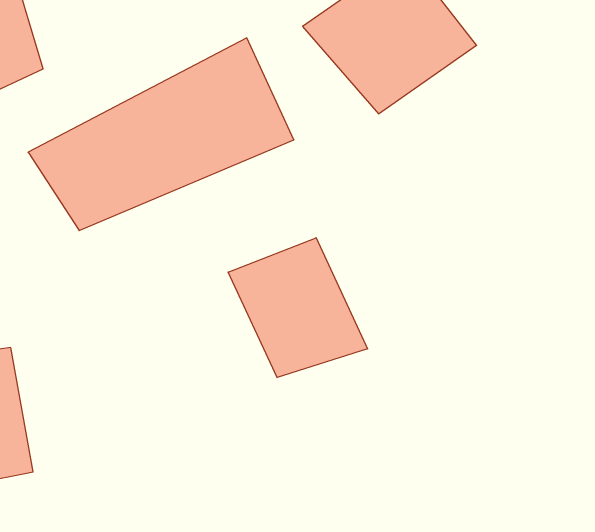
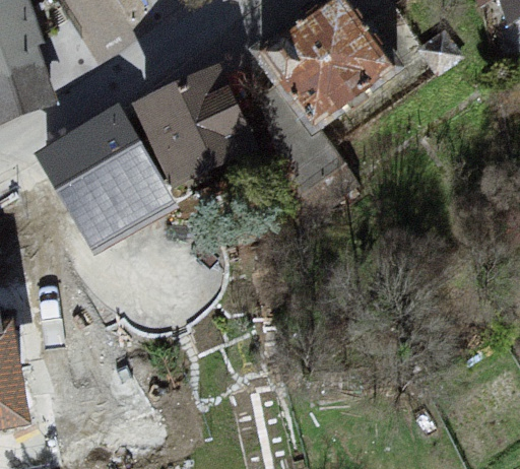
building: [228,238,368,378] -> none

